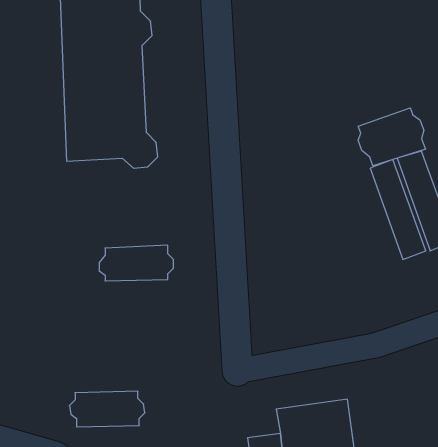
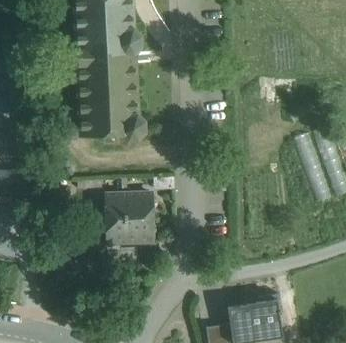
building: [358,108,425,166] -> none
building: [69,391,145,427] -> [104,216,157,241]

